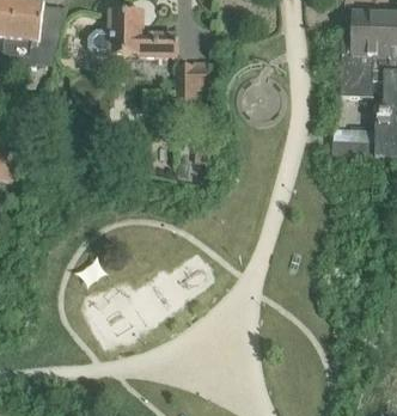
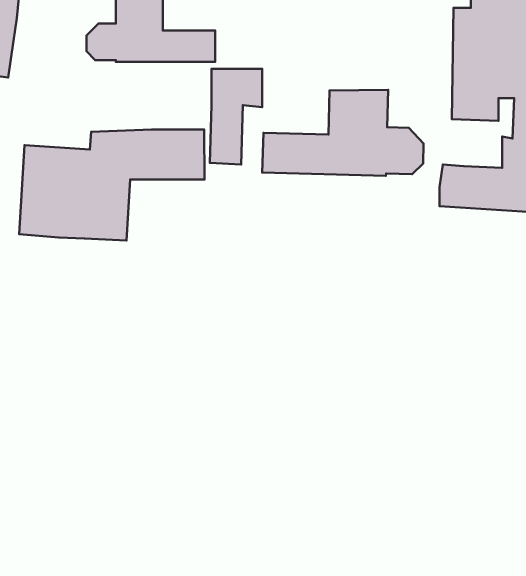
building: none -> [262,90,424,176]
building: none -> [19,130,205,241]

